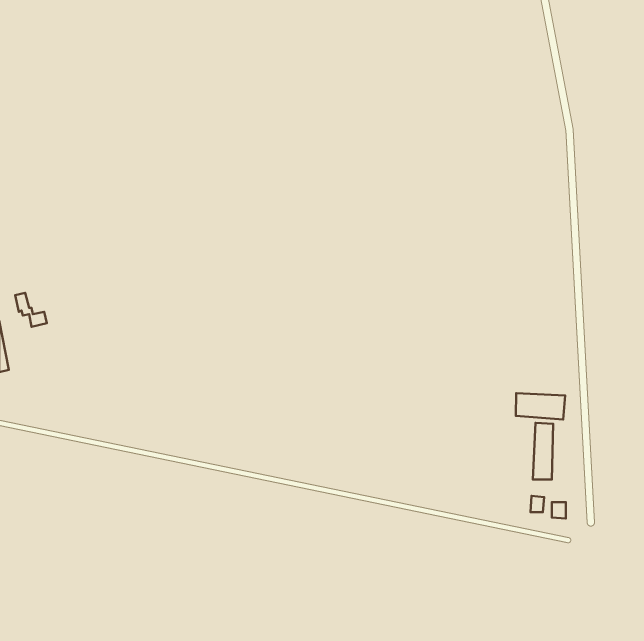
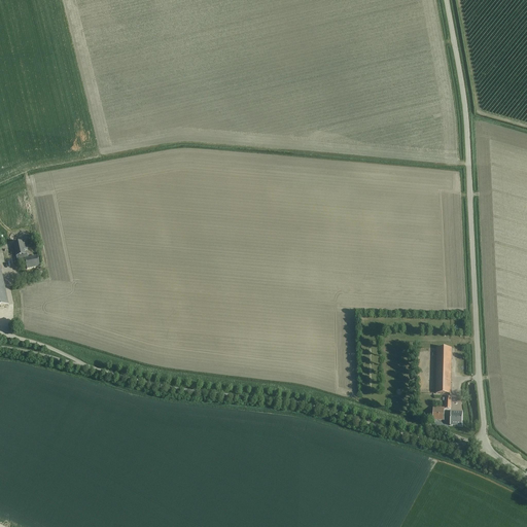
building: [516,393,565,419] -> none

